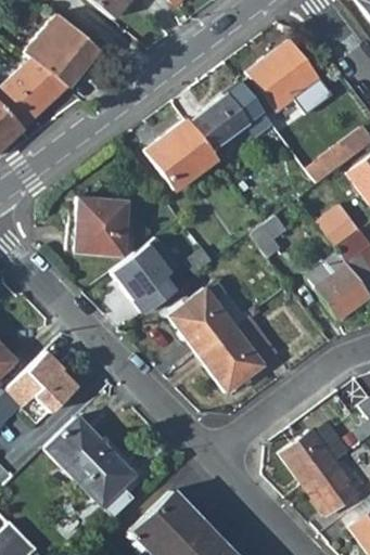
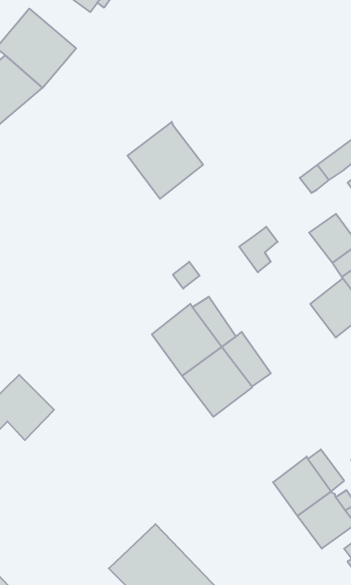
building: [248,41,332,113] -> none
building: [190,85,263,158] -> none
building: [75,197,126,255] -> none
building: [112,237,179,313] -> none
building: [44,416,135,519] -> none

